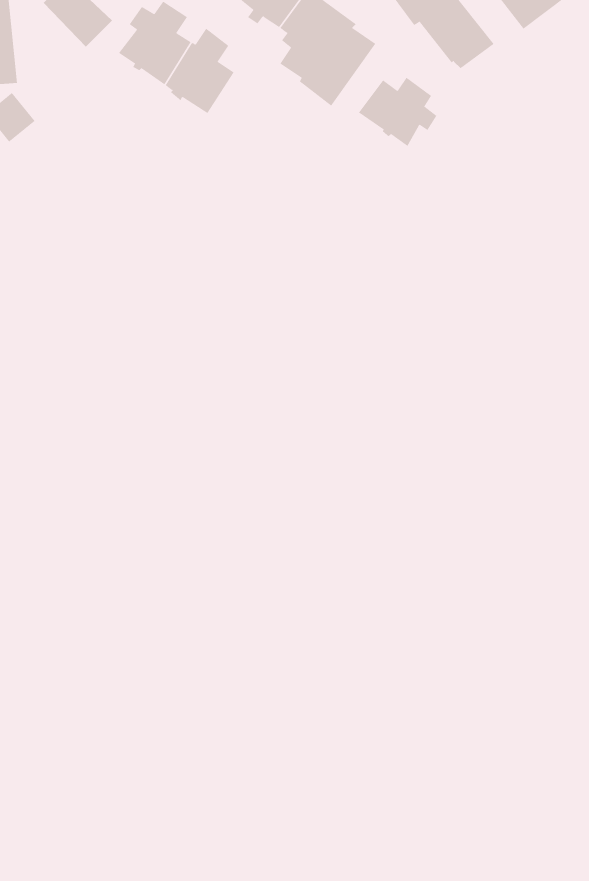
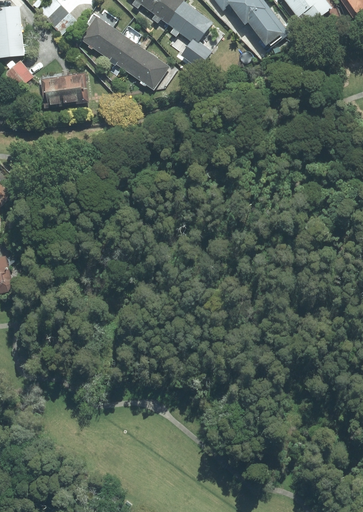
building: none -> [129,49,178,89]
building: [358,77,437,147] -> none
building: none -> [40,73,88,107]

